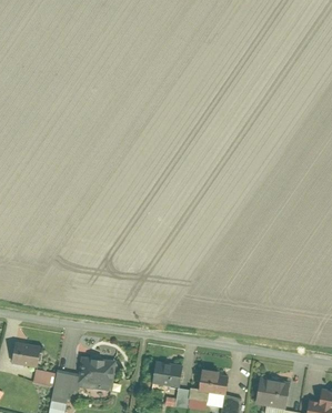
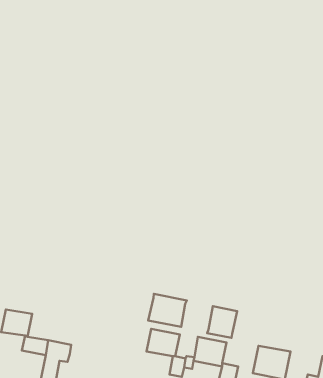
building: none -> [148,294,187,327]
building: none -> [207,306,237,338]
building: [77,357,114,393] -> none

